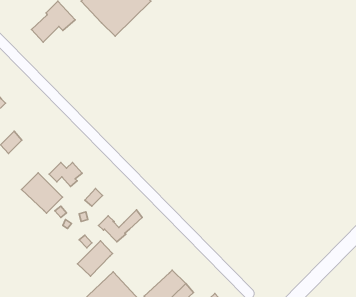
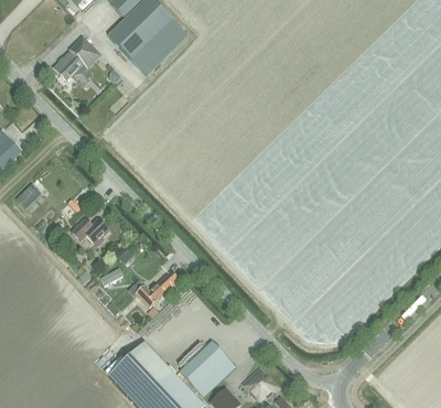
building: [22,173,63,213] -> none
building: [78,241,113,276] -> none

